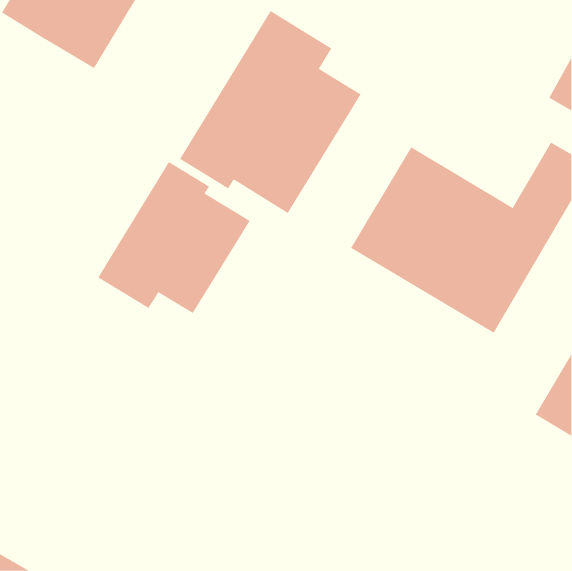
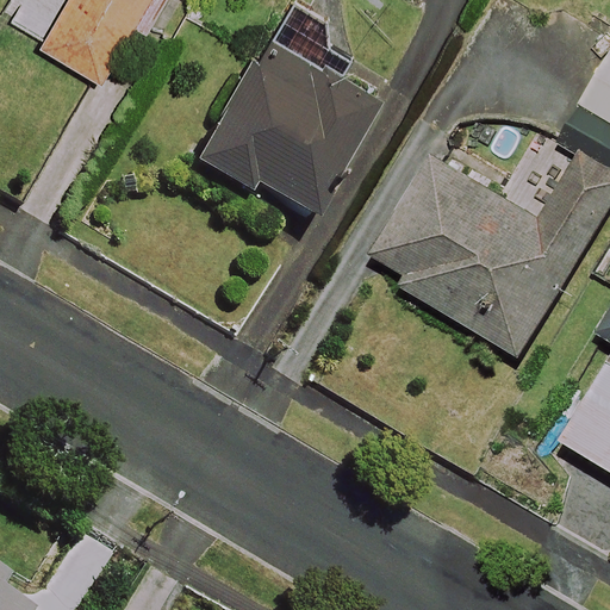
building: [97,161,250,314] -> none

